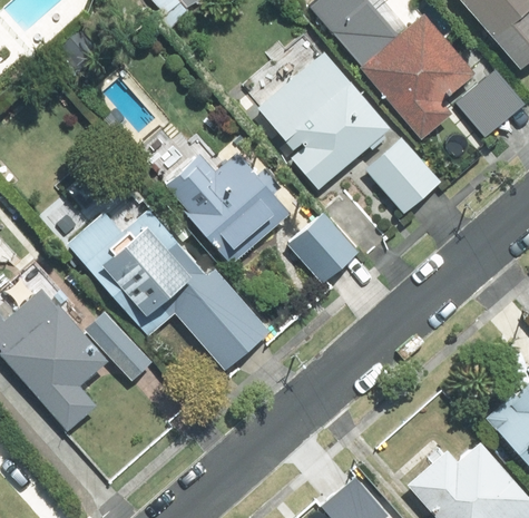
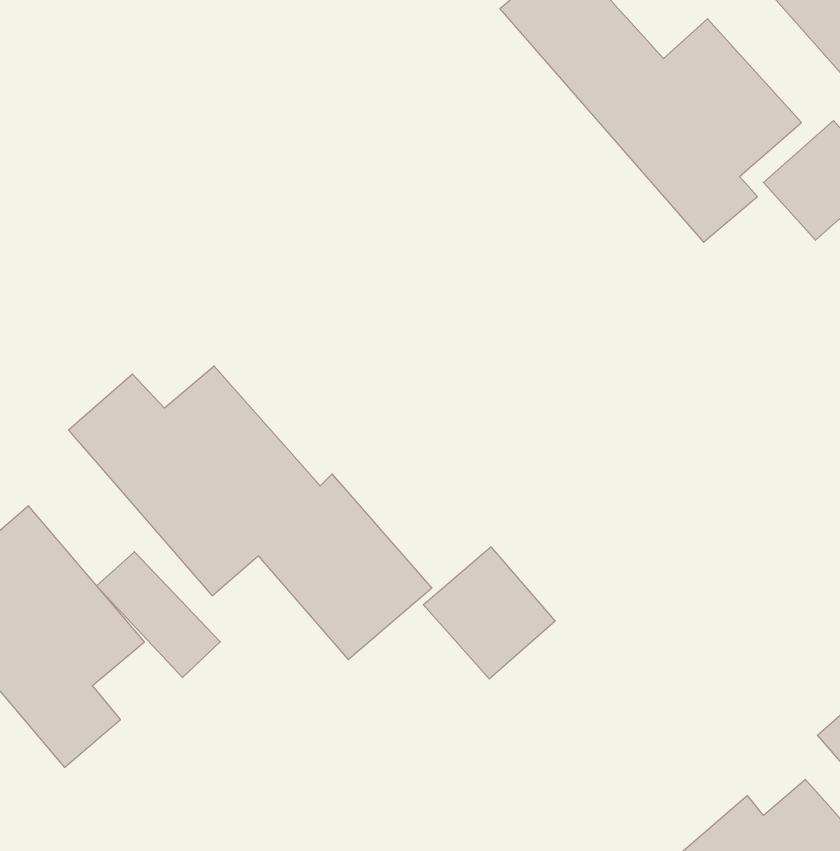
building: [257,51,391,189] -> none
building: [364,137,441,214] -> none
building: [165,152,292,264] -> none
building: [286,212,360,285] -> [423,547,555,679]

